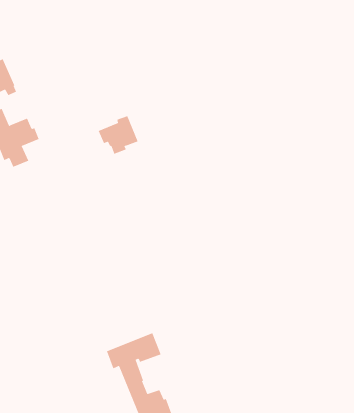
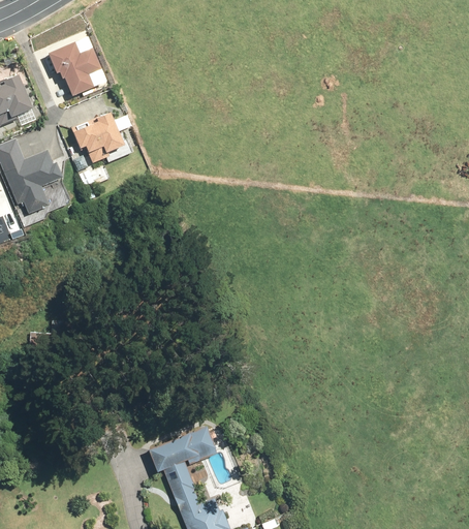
building: none -> [46,42,100,97]
building: [98,115,138,154] -> [71,114,123,163]

